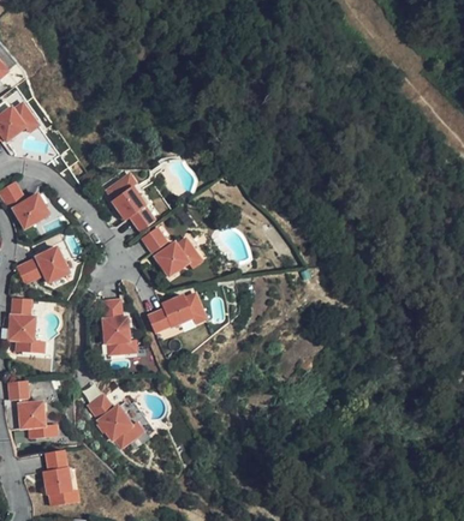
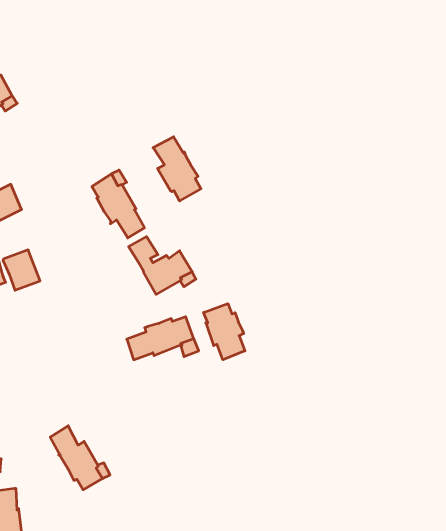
building: none -> [153,137,201,201]
building: none -> [204,304,245,360]
building: [102,299,130,353] -> none

